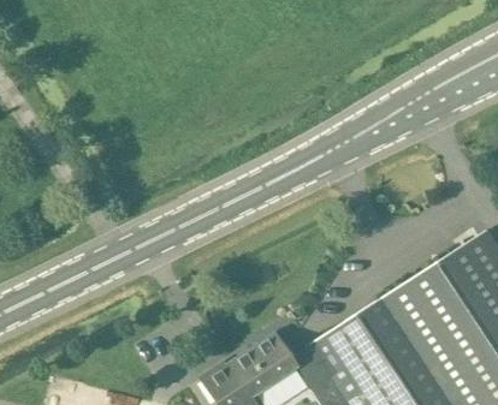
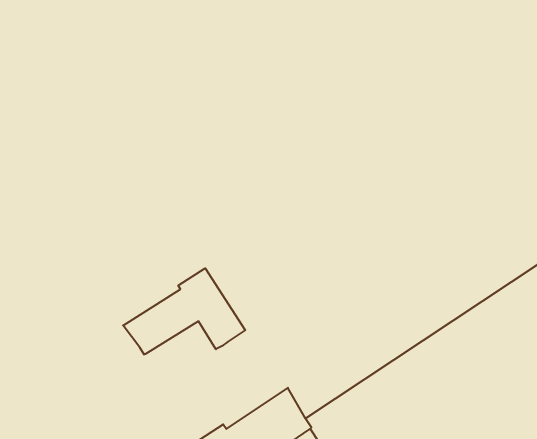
building: none -> [123,268,245,355]

